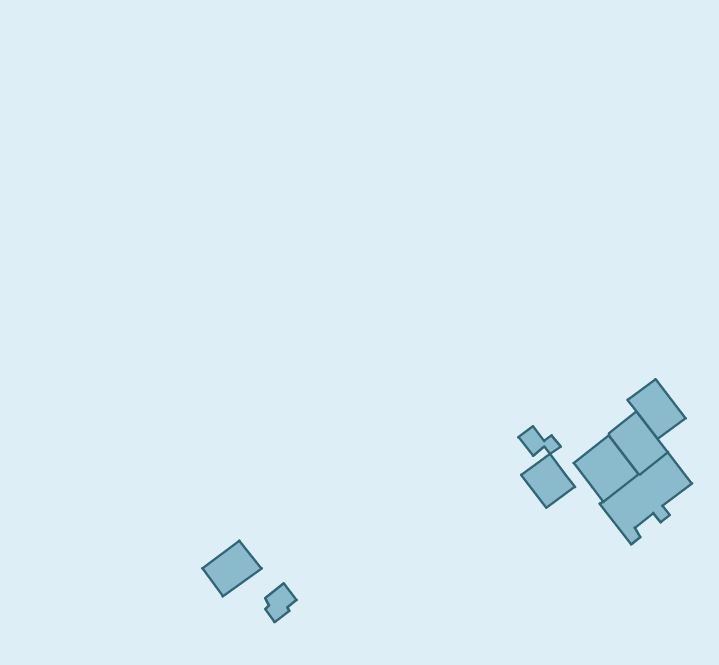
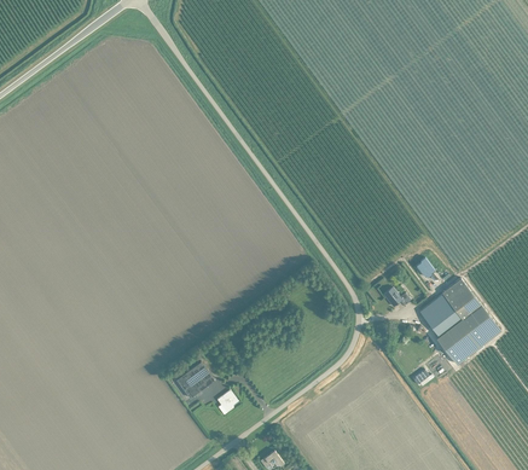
building: [628,379,686,439] -> none
building: [521,454,575,508] -> none

